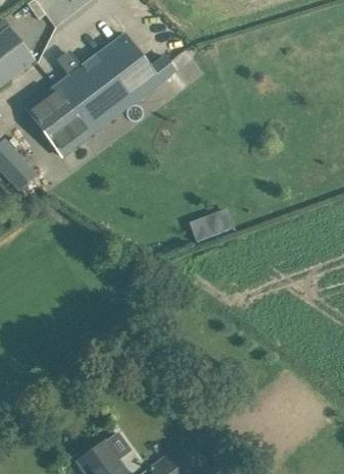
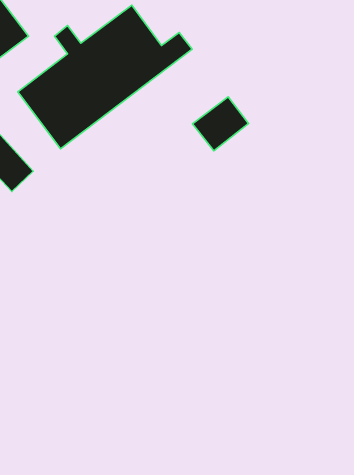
building: none -> [193,97,248,151]
building: [187,209,233,242] -> none

